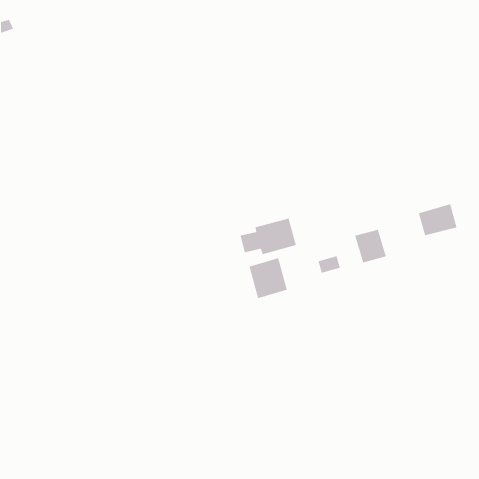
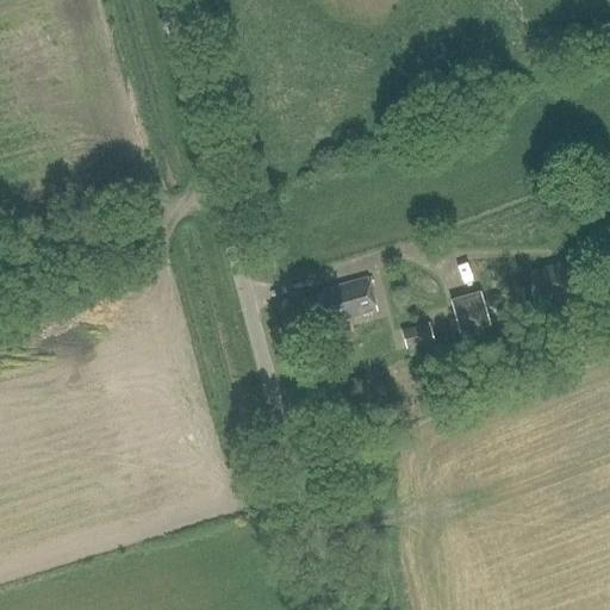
building: [249,257,288,299] -> none

